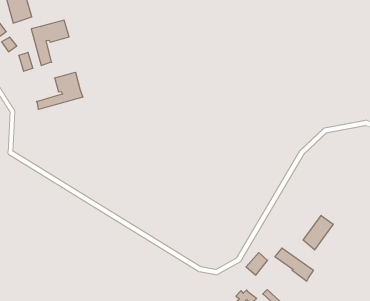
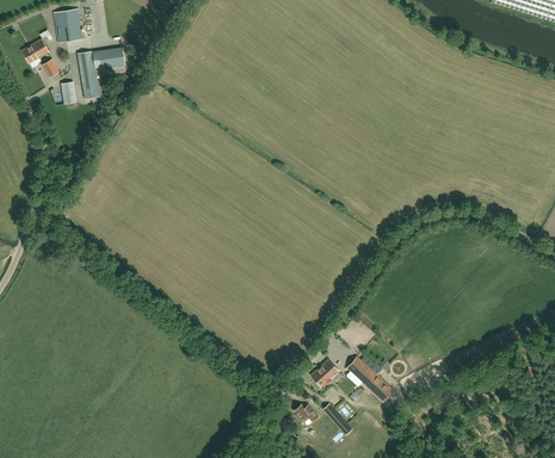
building: [37,72,83,109] -> none
building: [303,215,333,250] -> none

